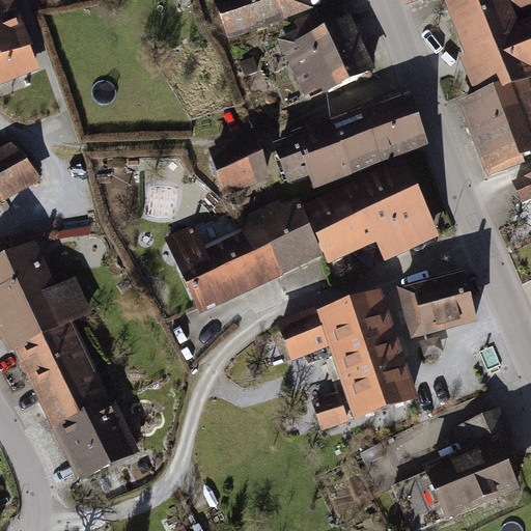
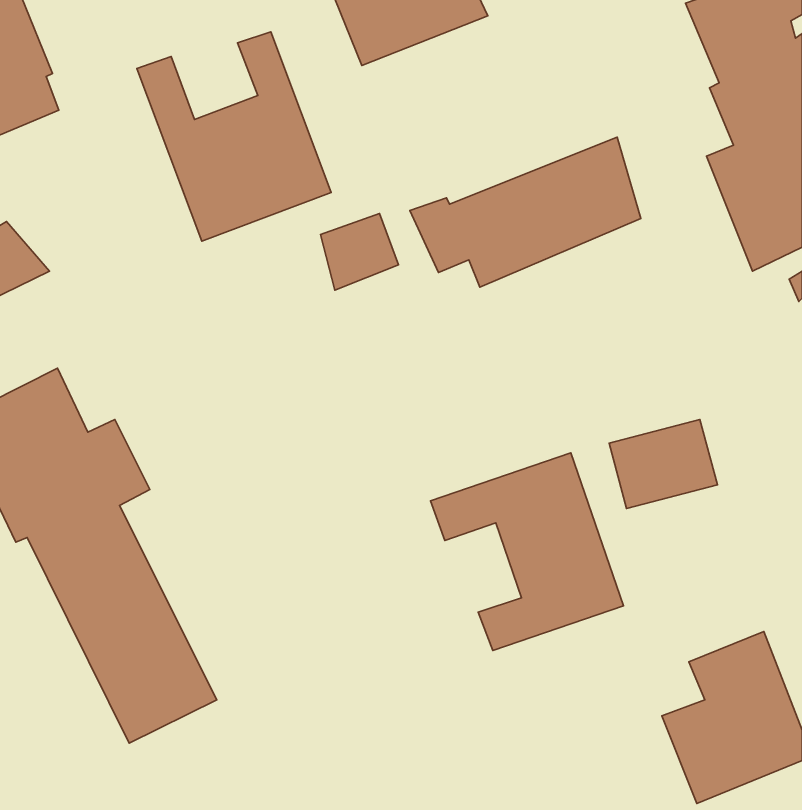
building: [281,4,374,97] -> none
building: none -> [137,32,331,241]
building: [163,159,441,315] -> none

